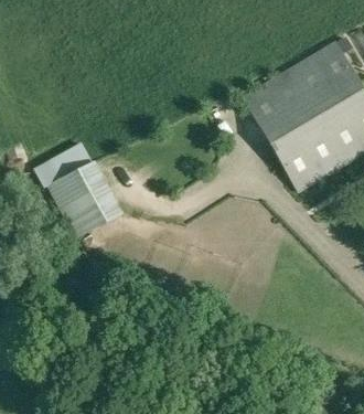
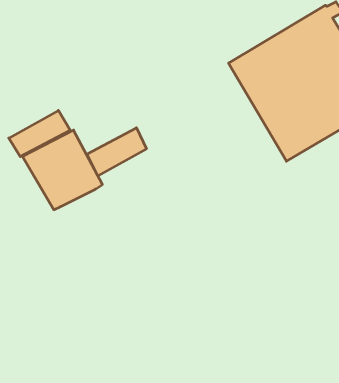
building: none -> [87,128,146,176]

